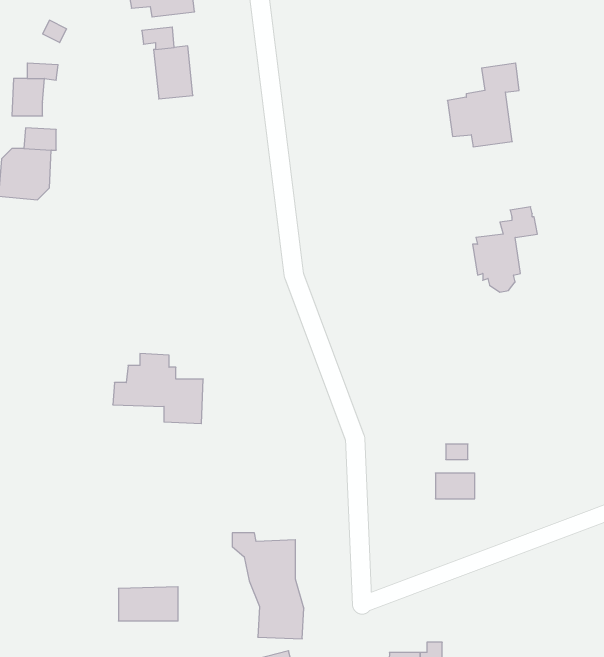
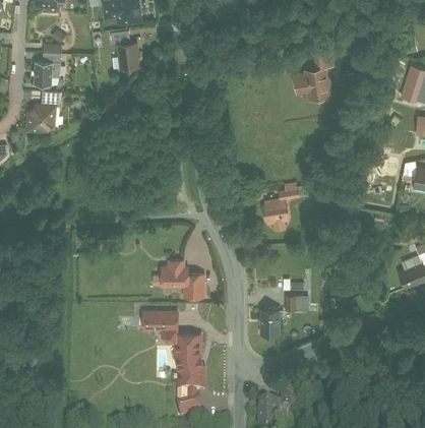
building: [473,207,537,292] -> [260,181,299,232]
building: [113,354,203,424] -> [150,257,204,299]
building: none -> [259,309,280,334]
building: [118,587,178,621] -> [143,310,179,330]

